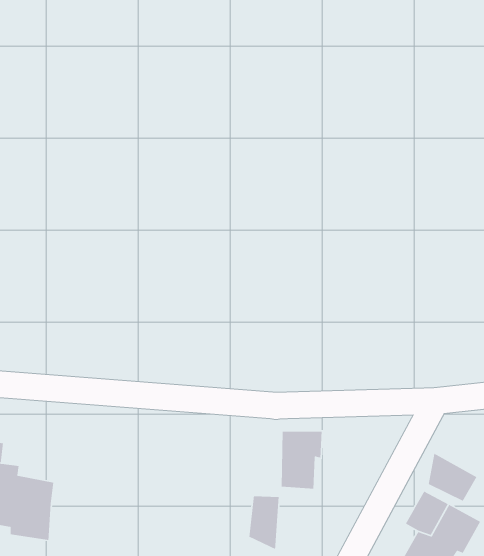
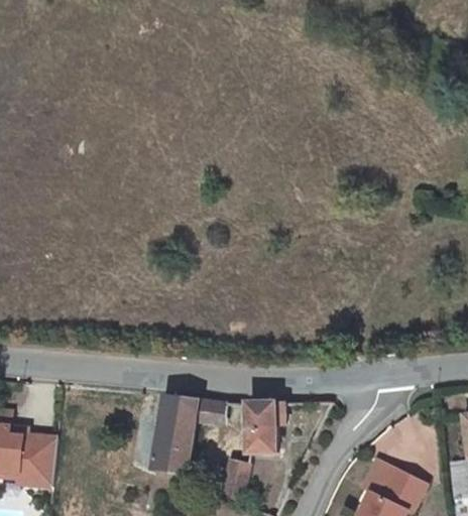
building: none -> [154,396,226,475]
building: [428,452,477,502] -> none

